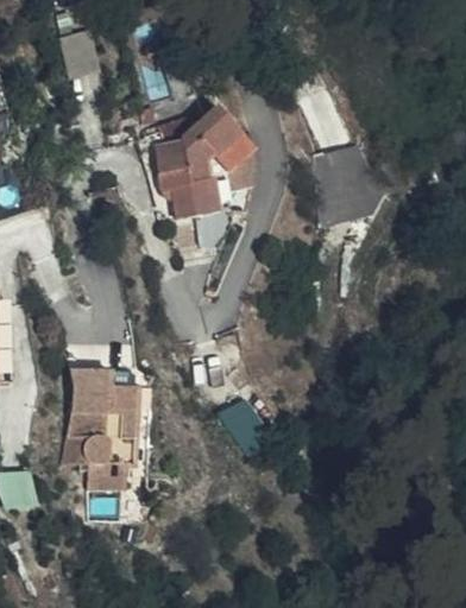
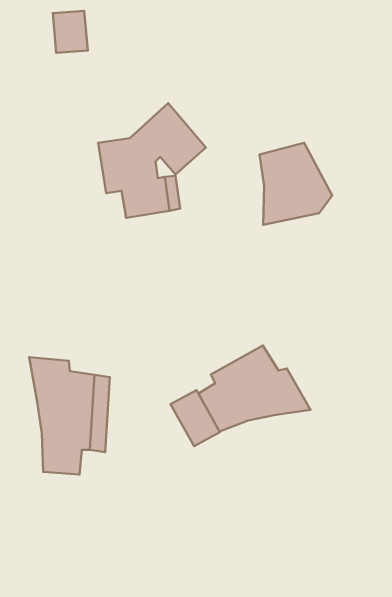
building: [57,31,93,74] -> [53,11,88,53]
building: none -> [198,346,311,431]

